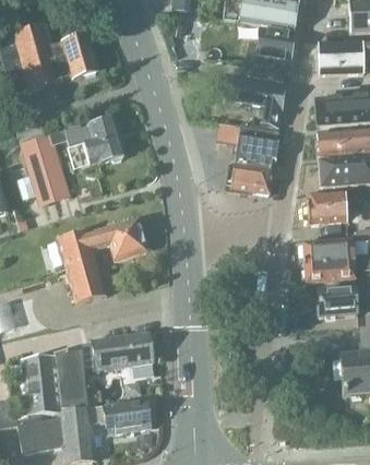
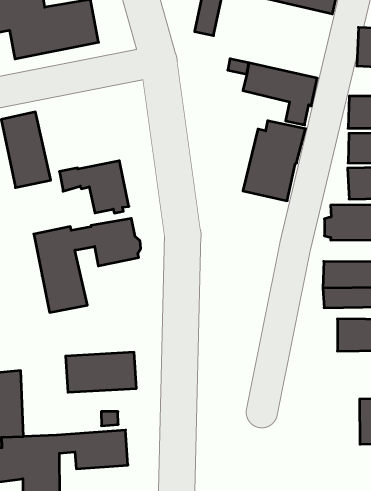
building: [244,27,295,78] -> none
building: [64,116,126,162] -> [59,161,129,213]
building: [53,347,88,409] -> none

